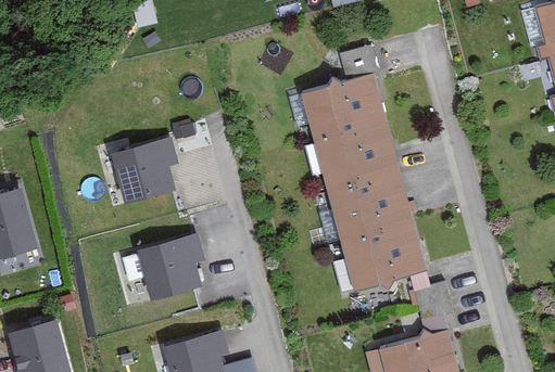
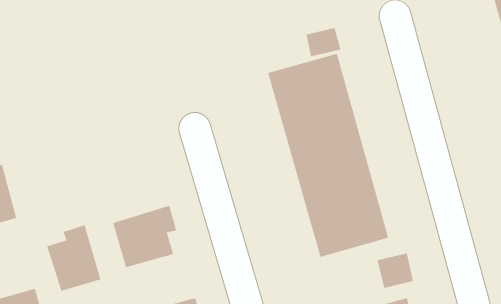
building: [110,137,178,204] -> none
building: none -> [46,224,101,292]

